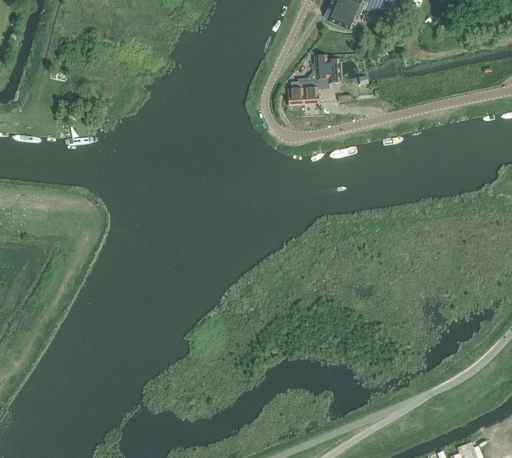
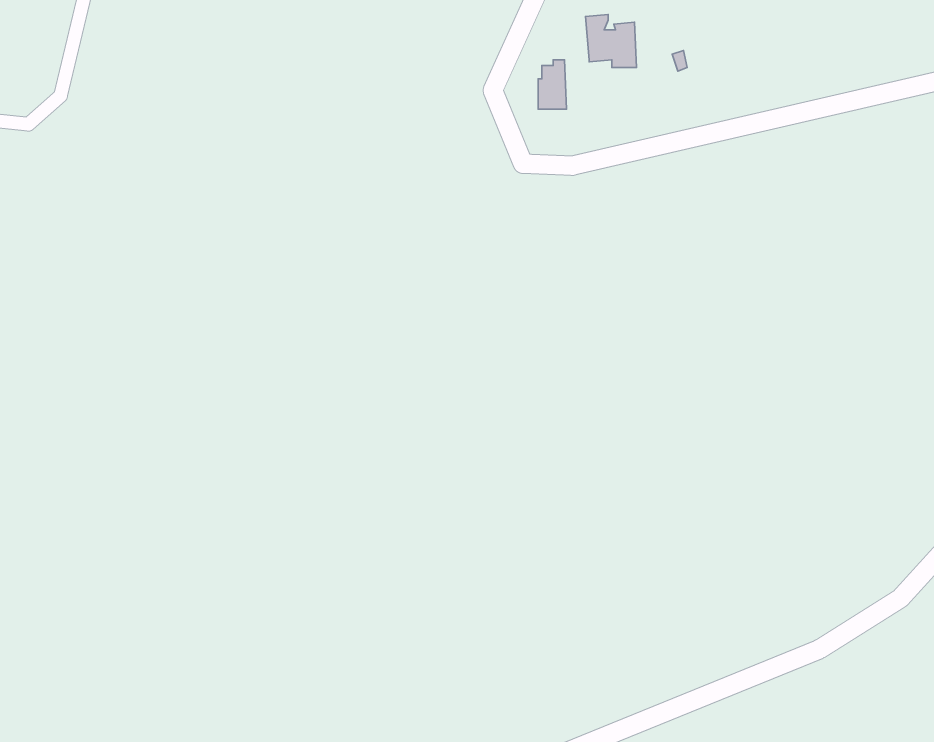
building: [302,71,318,105] -> none

